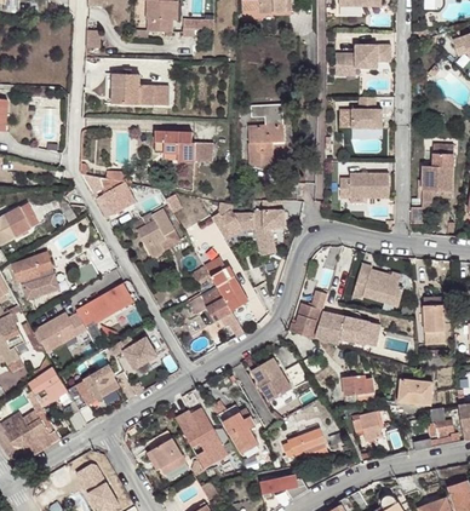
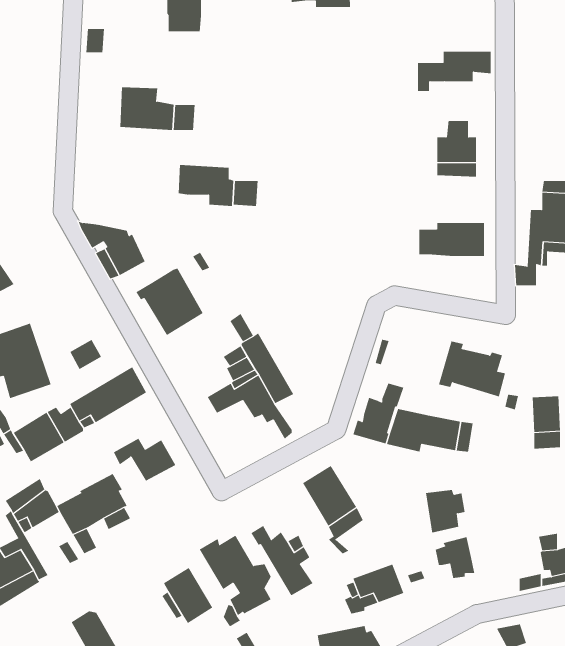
building: [248,105,285,165] -> none
building: [212,202,285,257] -> none
building: [401,381,436,406] -> none

